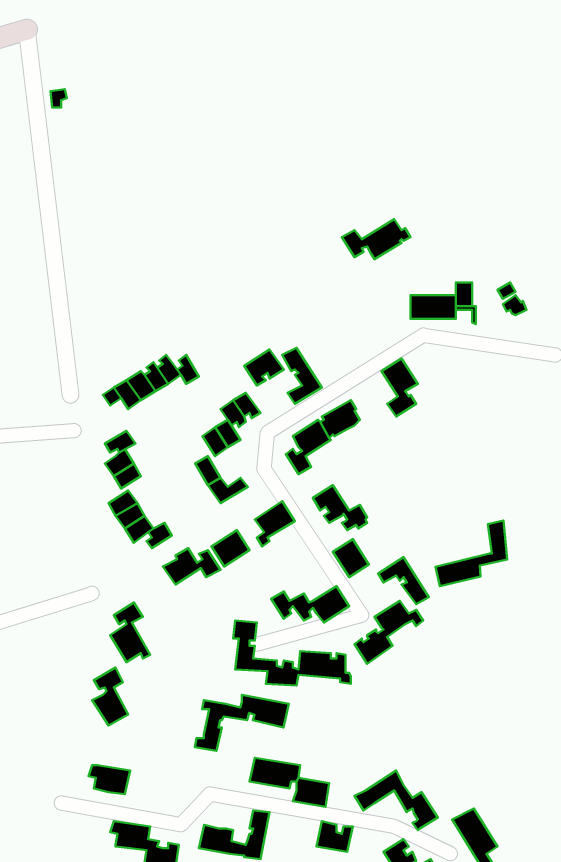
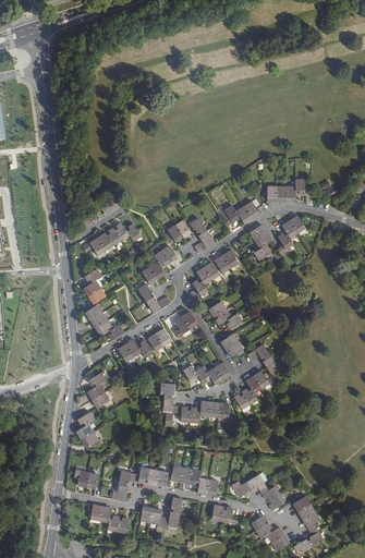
building: [342,219,411,259] -> [223,198,265,222]
building: none -> [277,215,304,255]
building: [436,521,507,586] -> none
building: [195,695,289,751] -> [111,466,168,500]

